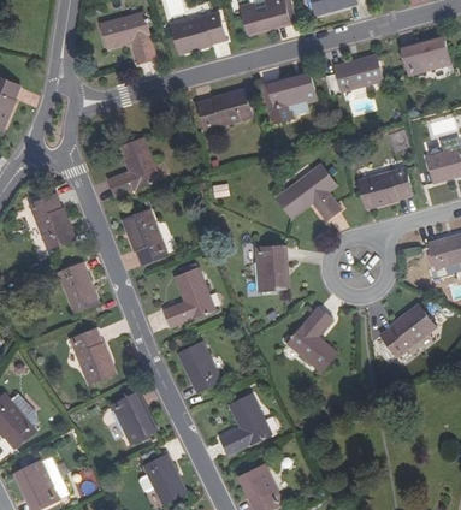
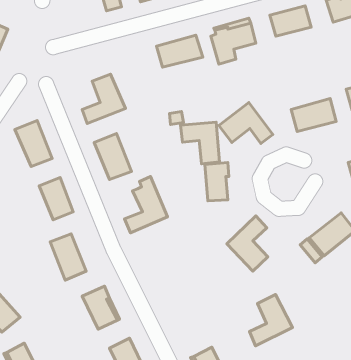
building: none -> [181,122,220,164]
building: [182,340,225,391] -> none
building: [220,393,272,455] -> [249,294,293,346]

